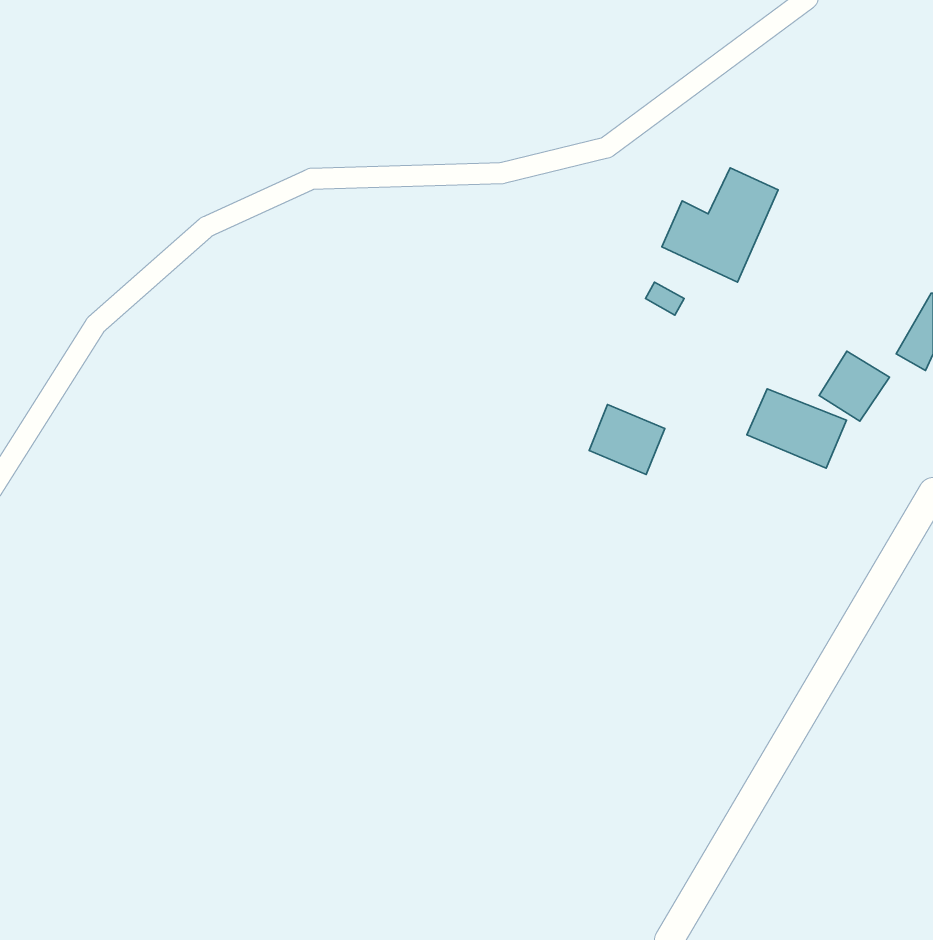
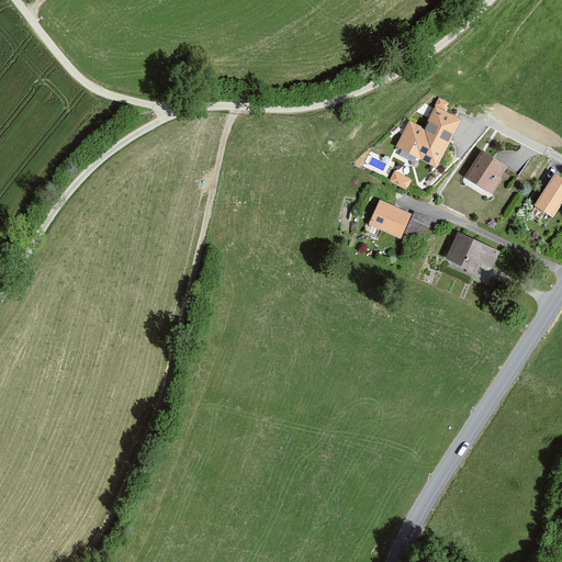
building: [819,351,889,421] -> [467,150,508,192]
building: [589,405,665,475] -> [364,198,409,239]

